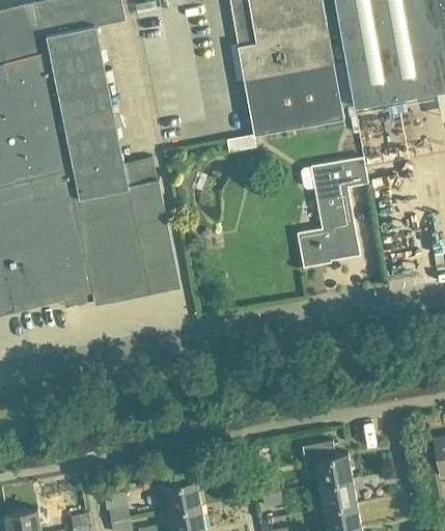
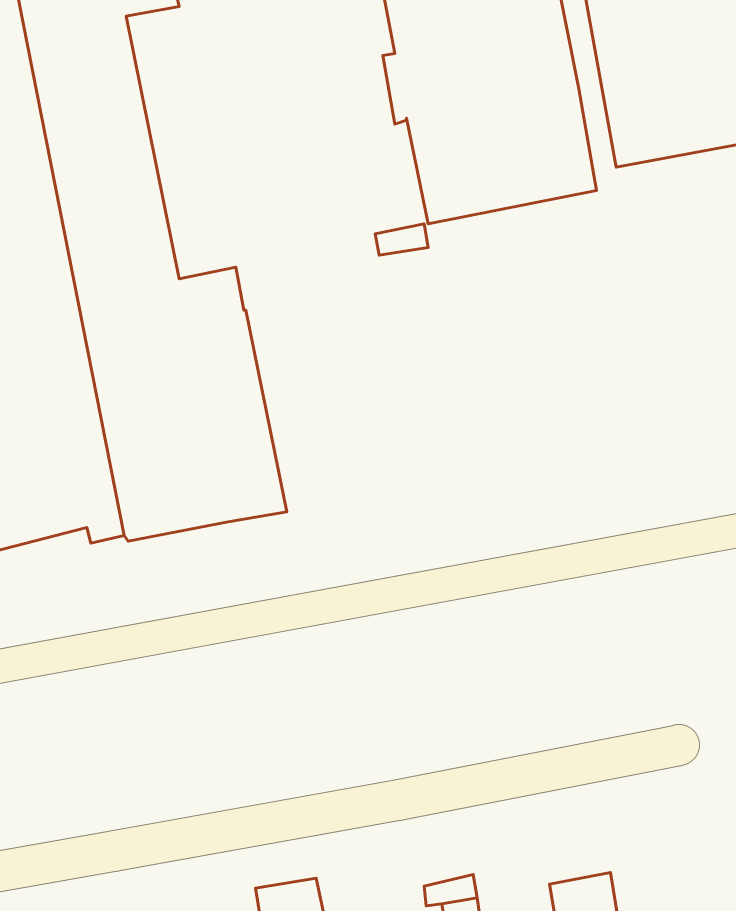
building: [299,157,369,267] -> none
building: [302,442,352,484] -> none

